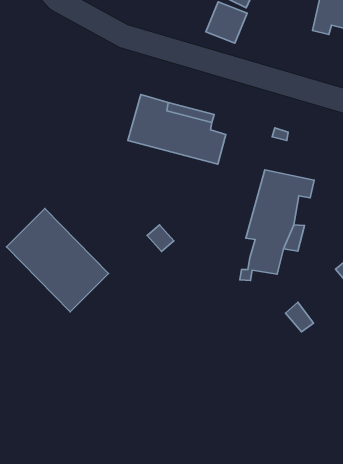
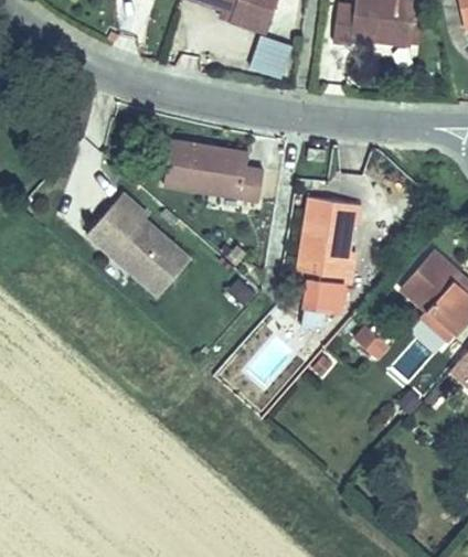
building: [6,208,108,312] -> [65,190,176,292]

